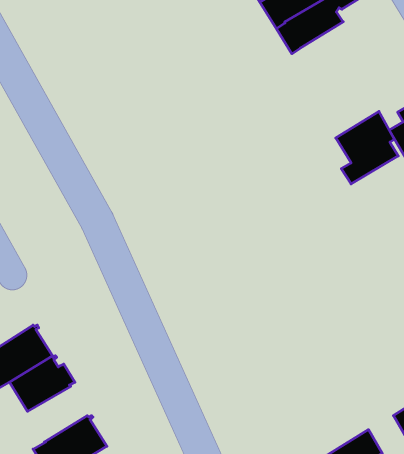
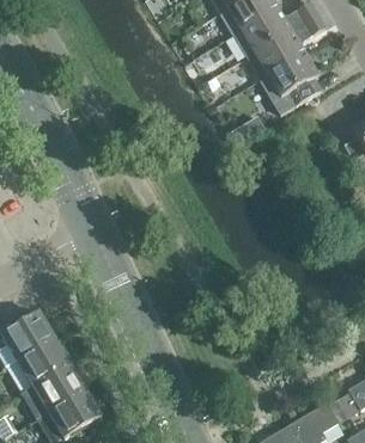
building: [336,111,398,184] -> [267,51,321,113]
building: none -> [32,363,89,412]

